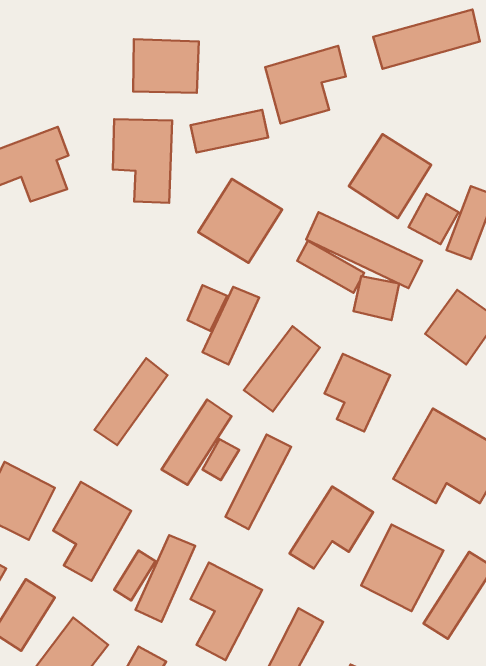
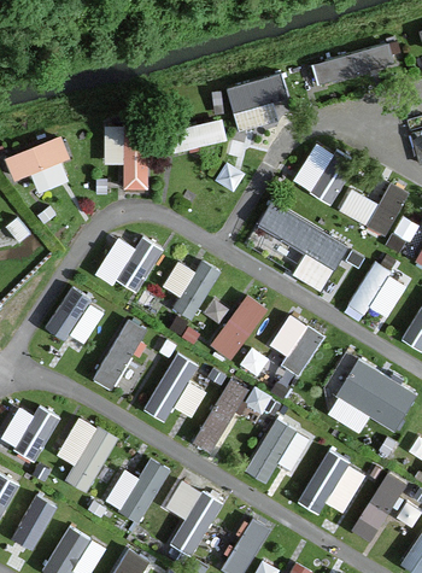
building: [133,39,199,93] -> none
building: [198,179,282,263] -> [94,232,160,298]
building: none -> [45,287,106,349]

